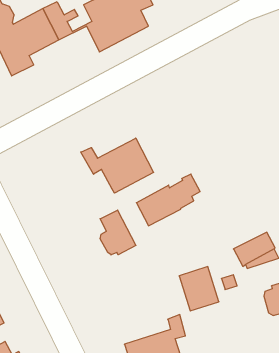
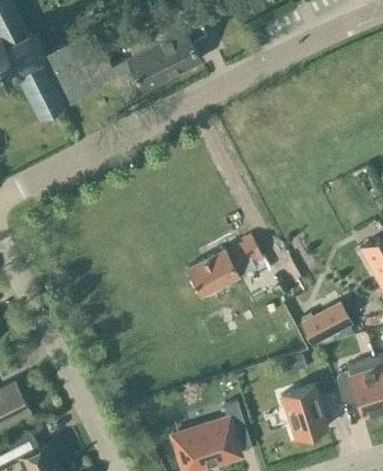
building: [81,138,154,193] -> none
building: [100,210,136,255] -> none
building: [179,267,219,311] -> [281,386,328,438]

